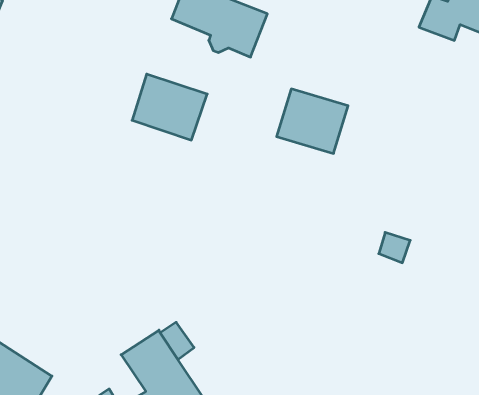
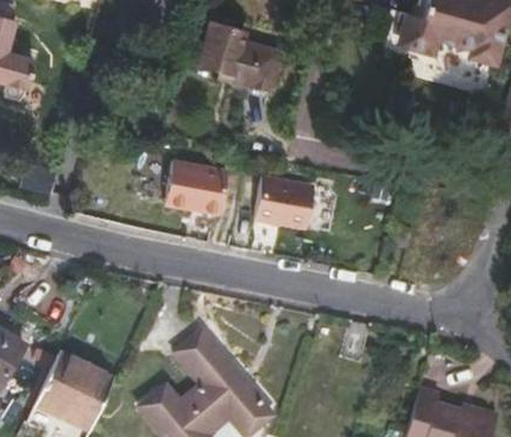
building: [132,74,207,140] -> [164,159,227,213]
building: [277,89,348,153] -> [254,175,314,227]

